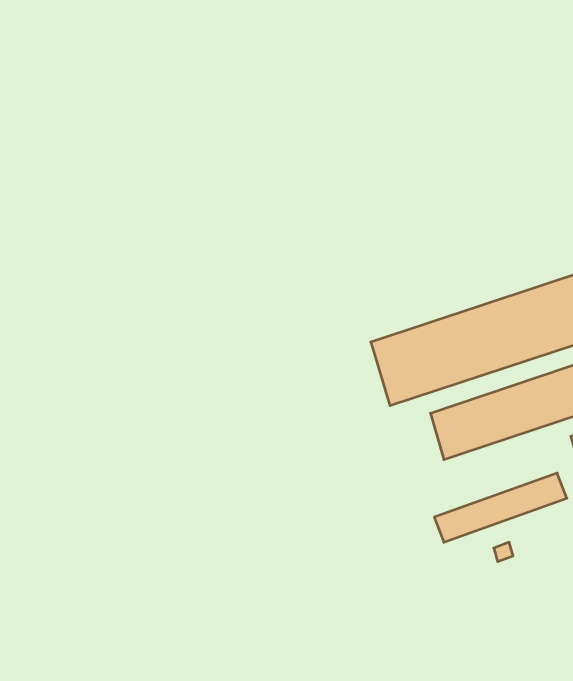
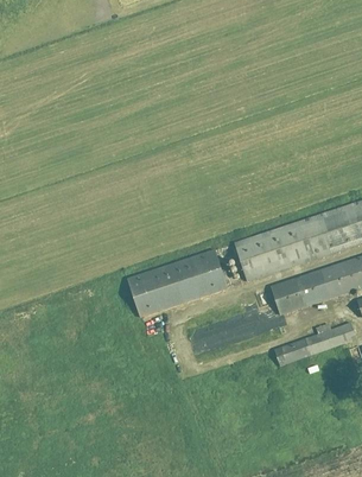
building: none -> [128,248,227,316]

